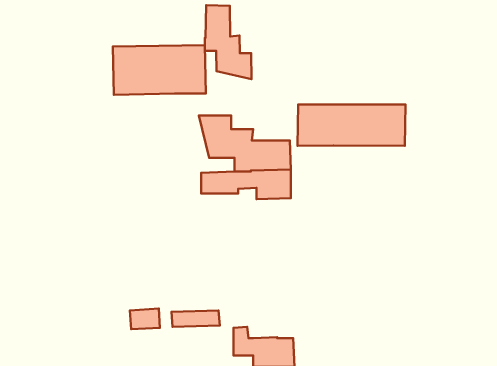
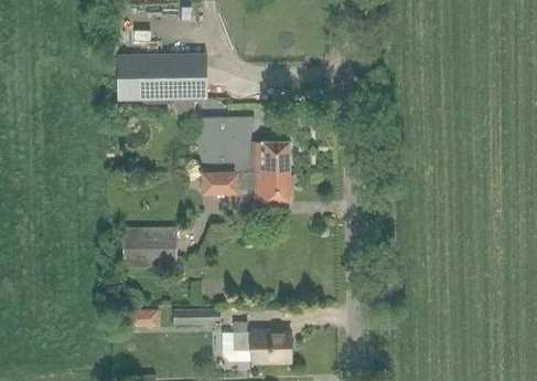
building: [205,5,251,79] -> none
building: [297,104,405,146] -> none
building: none -> [122,229,176,267]

